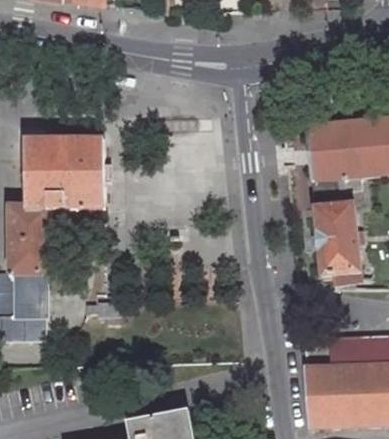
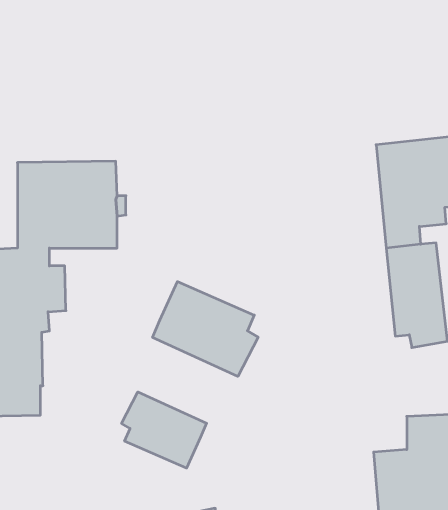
building: none -> [153,282,258,376]
building: none -> [122,392,207,468]

